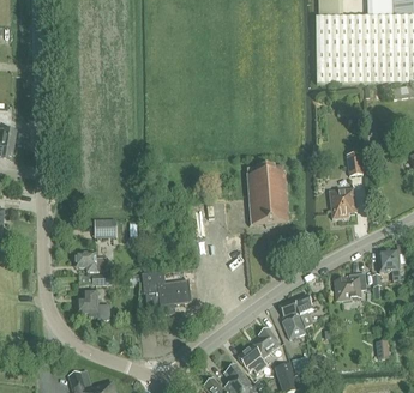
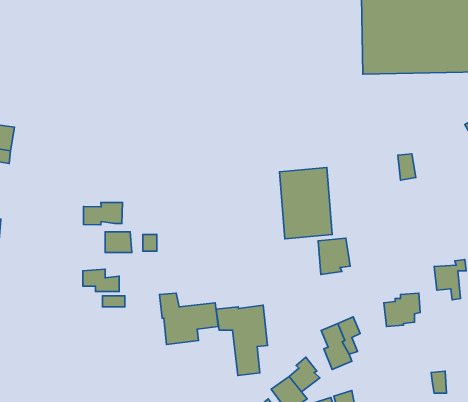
building: [328,187,355,218] -> [318,238,350,274]
building: none -> [83,203,122,225]
building: none -> [216,305,268,375]
building: [77,289,109,320] -> none

